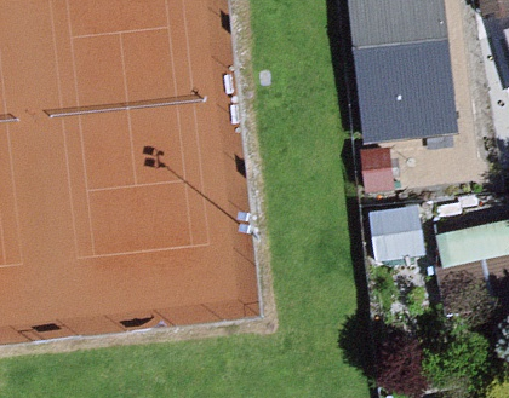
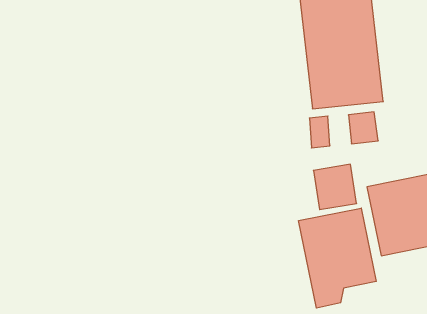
building: none -> [299,208,376,308]

